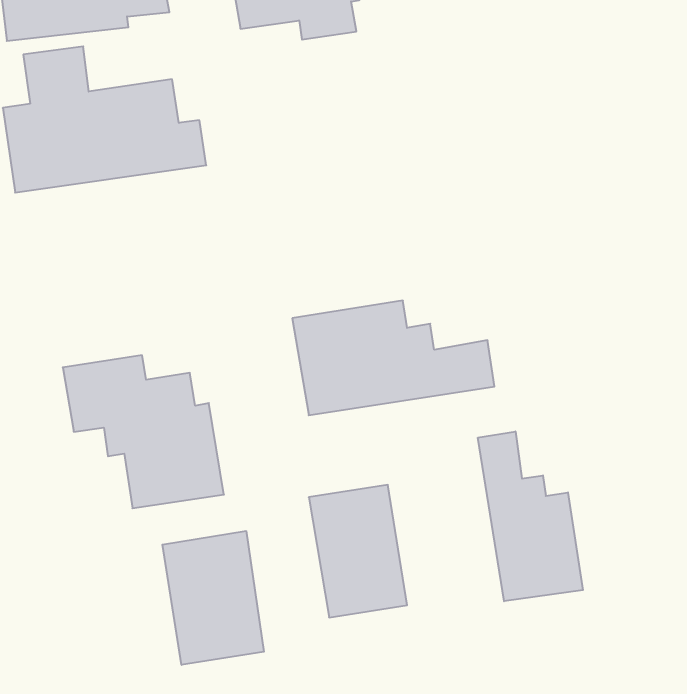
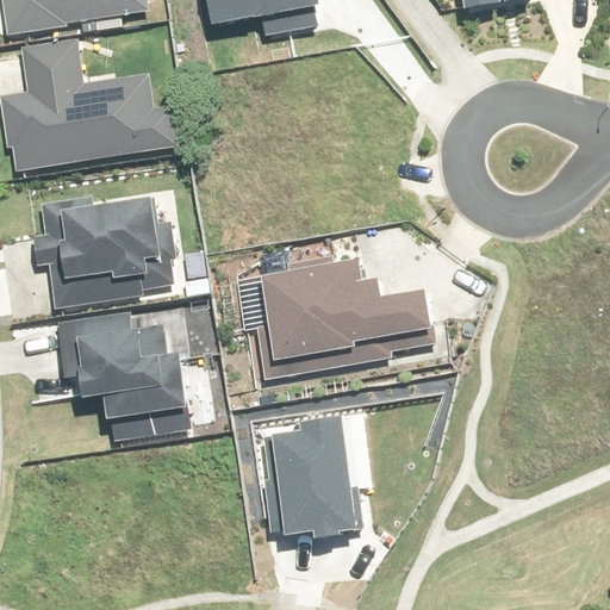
building: none -> [39,194,174,309]
building: [478,431,583,601] -> none
building: [162,531,264,665] -> none

